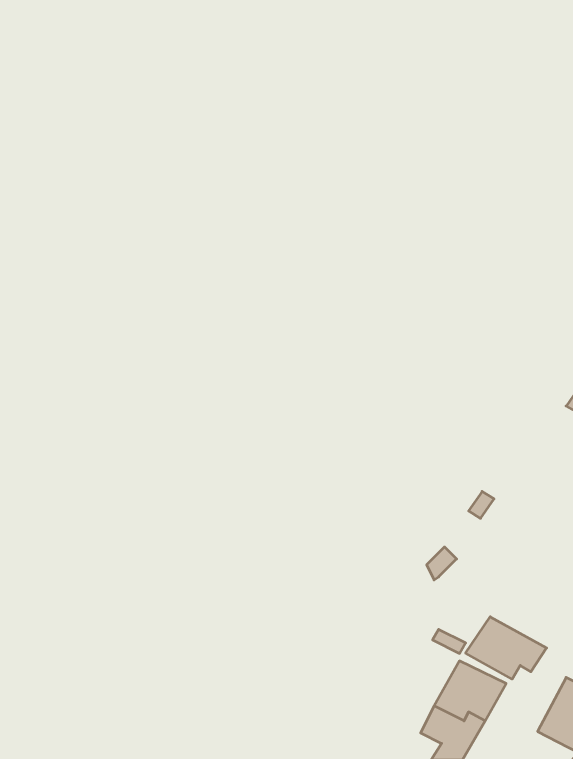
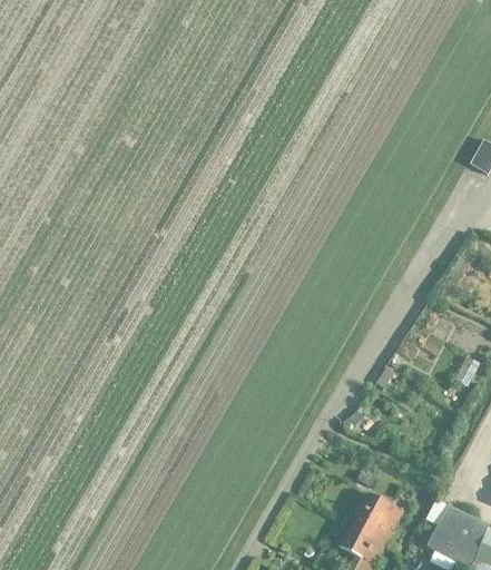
building: [466,617,547,679] -> none

